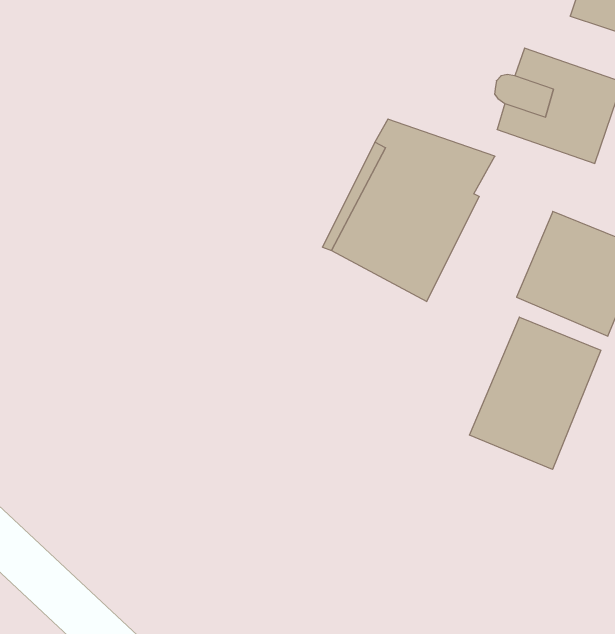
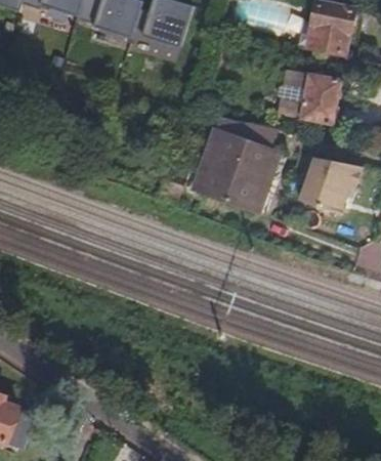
building: [470,317,601,469] -> none

